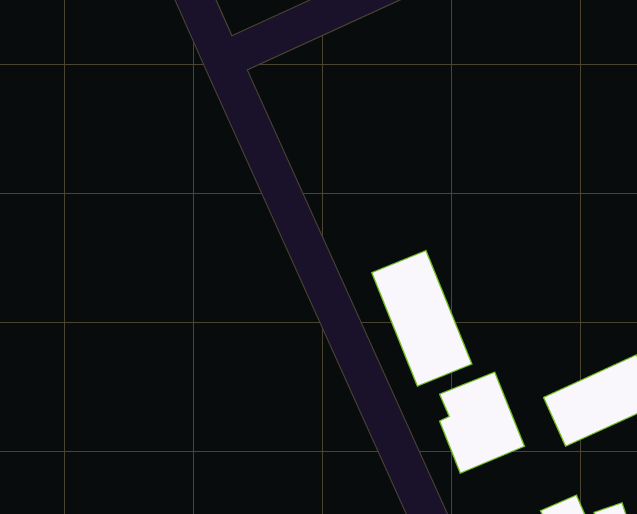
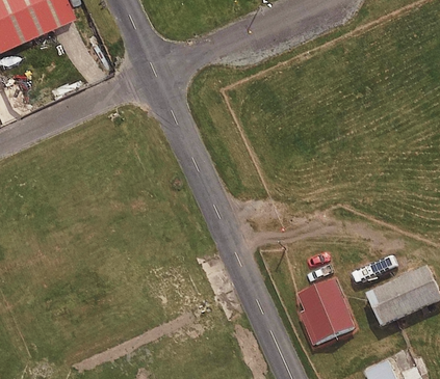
building: [372,250,472,386] -> none

